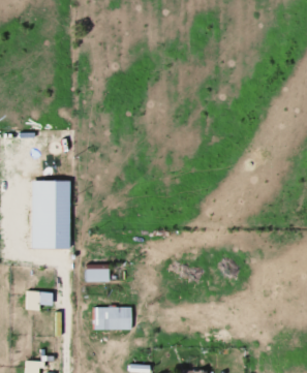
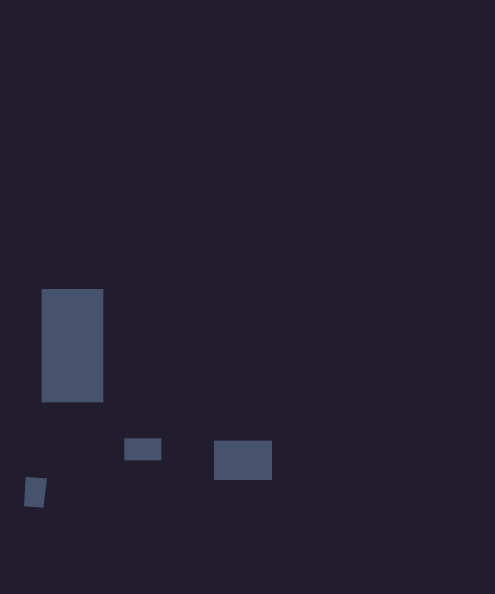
building: [93,307,128,331] -> [213,440,273,481]

